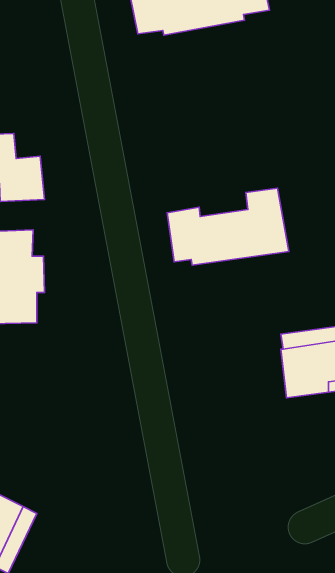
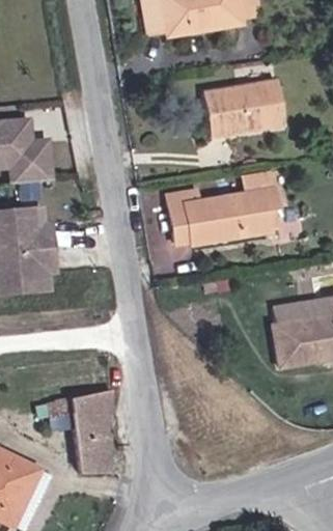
building: none -> [202,80,283,136]
building: none -> [48,393,111,471]

